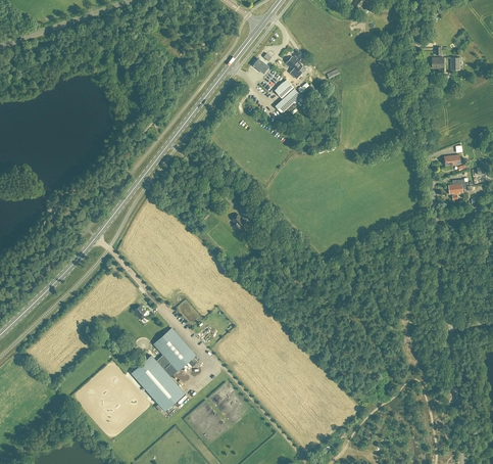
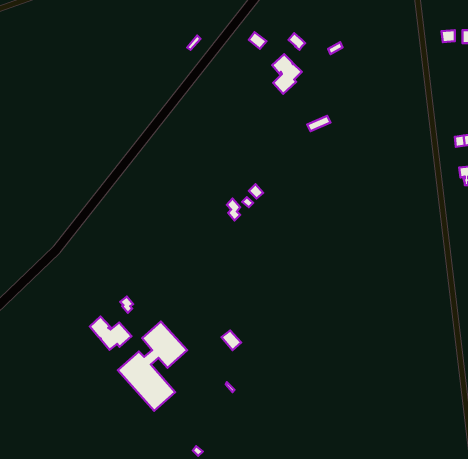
building: none -> [90,317,132,350]

